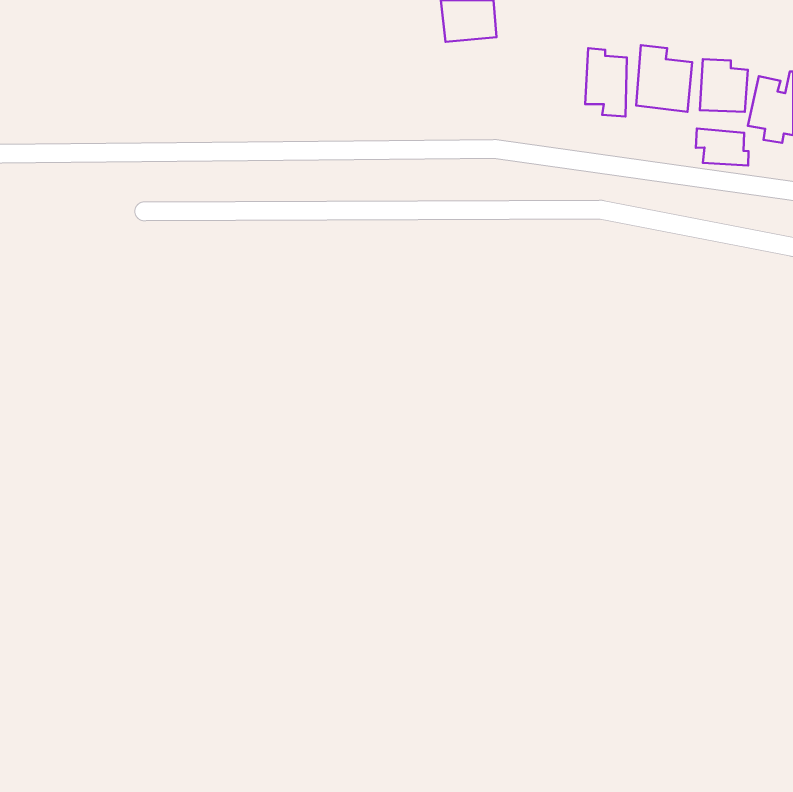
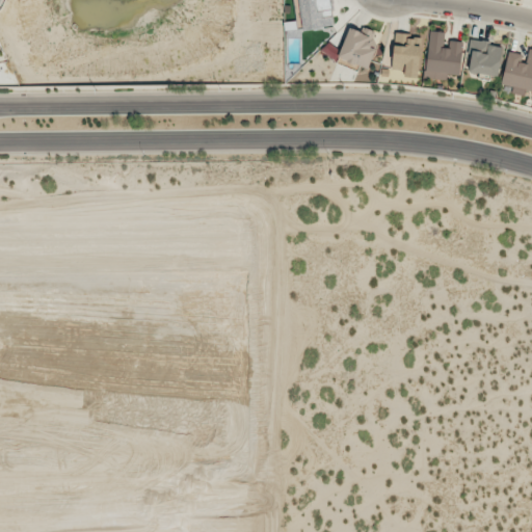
building: none -> [338,27,376,71]
building: [696,128,748,165] -> none

